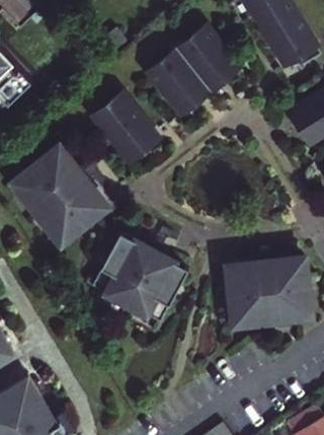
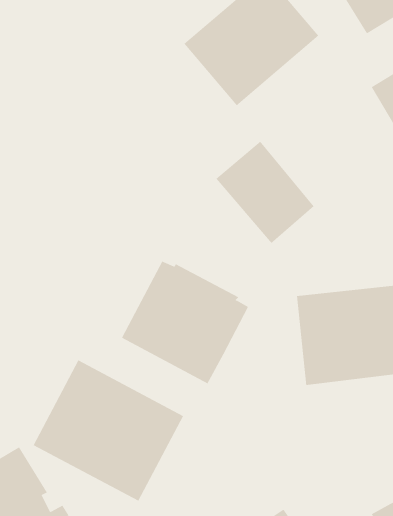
building: [94,90,168,167] -> [216,141,315,244]
building: [15,143,119,251] -> none
building: none -> [33,360,184,502]

